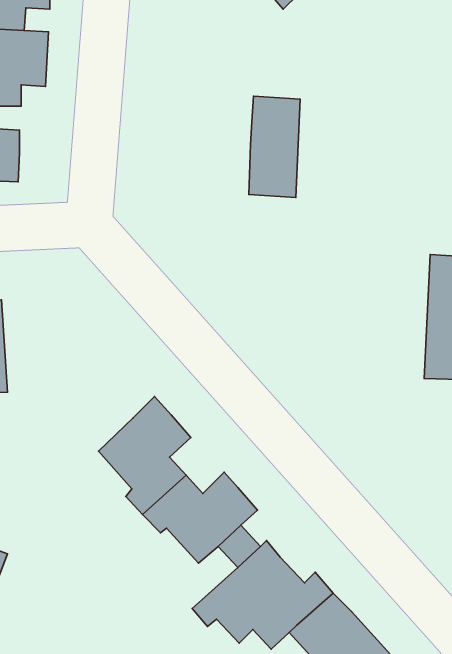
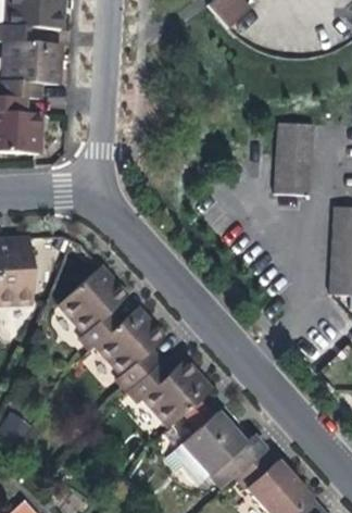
building: [249,96,300,198] -> [276,123,313,196]
building: none -> [59,265,128,352]

